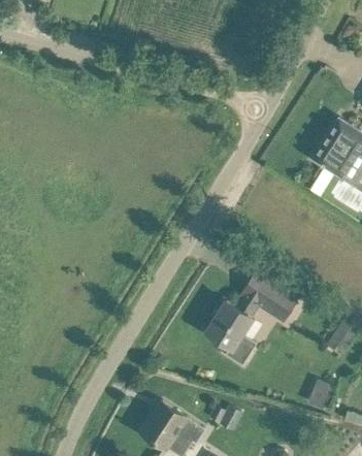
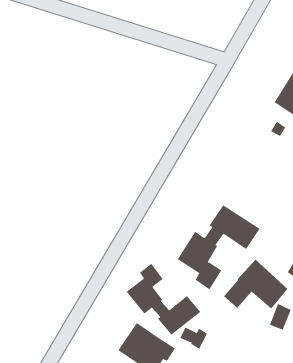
building: none -> [223,259,288,309]
building: none -> [126,263,201,336]

